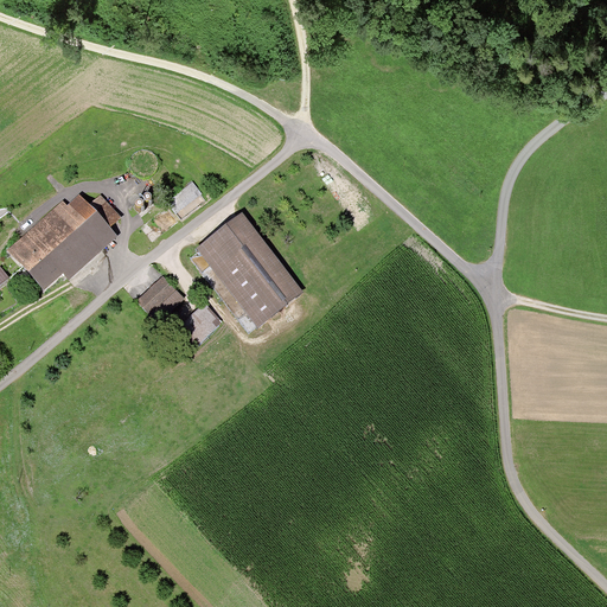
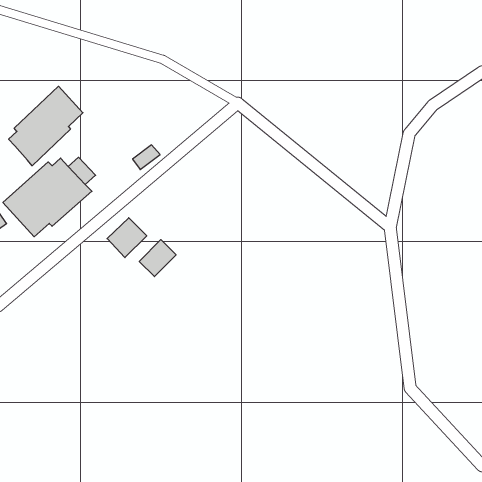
building: none -> [9,86,83,166]
building: [193,210,301,325] -> none

